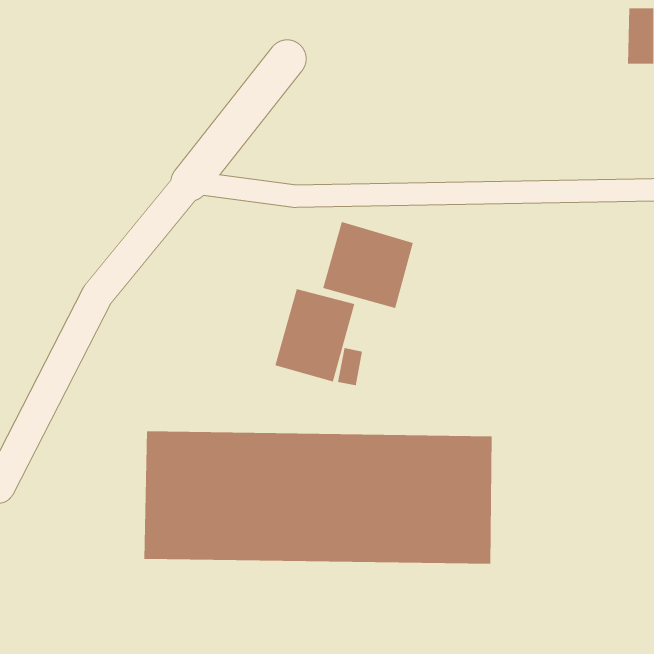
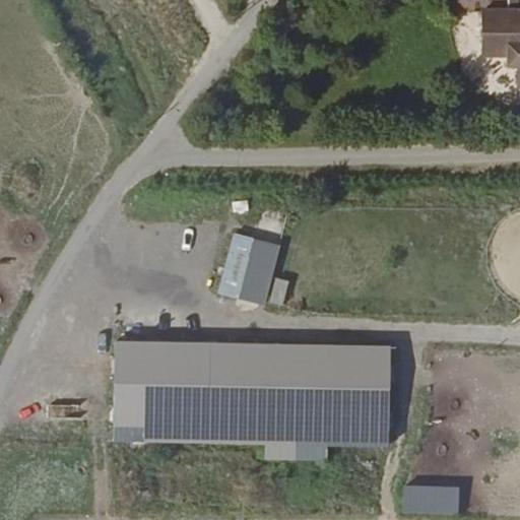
building: [323,221,414,309] -> none
building: none -> [402,483,458,514]

